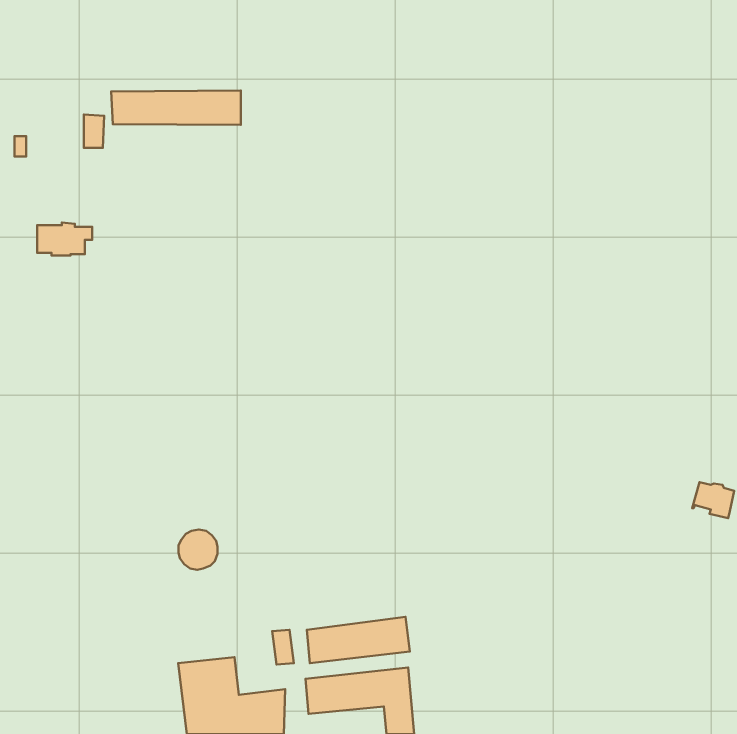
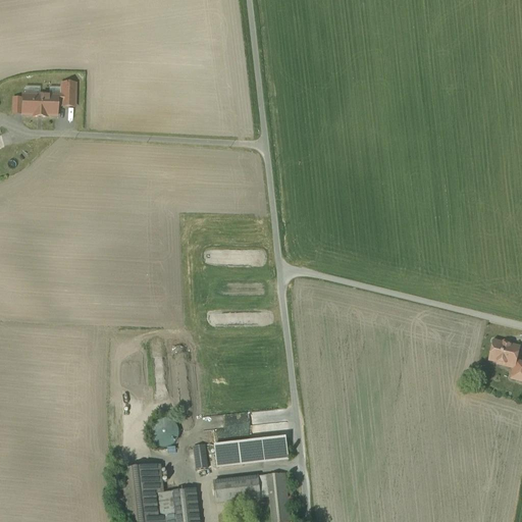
building: [111,91,241,125] -> none
building: [37,222,92,256] -> [20,91,59,114]
building: [179,529,218,570] -> [151,416,178,445]

